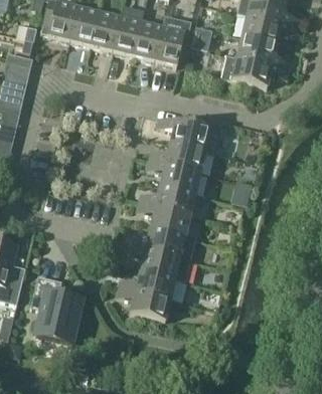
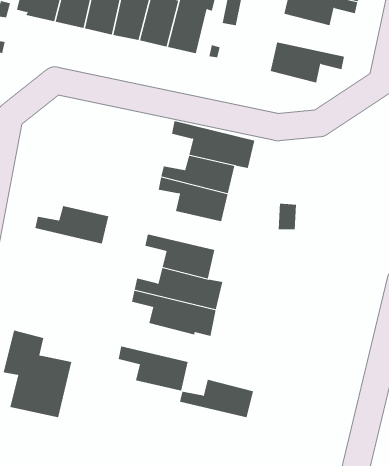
building: [236,36,290,68] -> none
building: [139,185,195,214] -> [34,205,109,244]
building: [119,269,175,299] -> [179,379,254,418]

